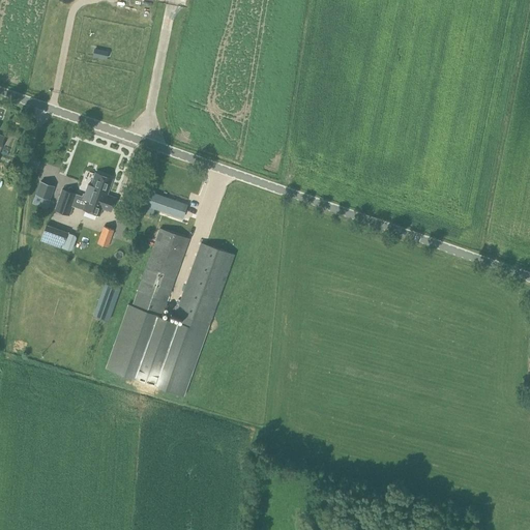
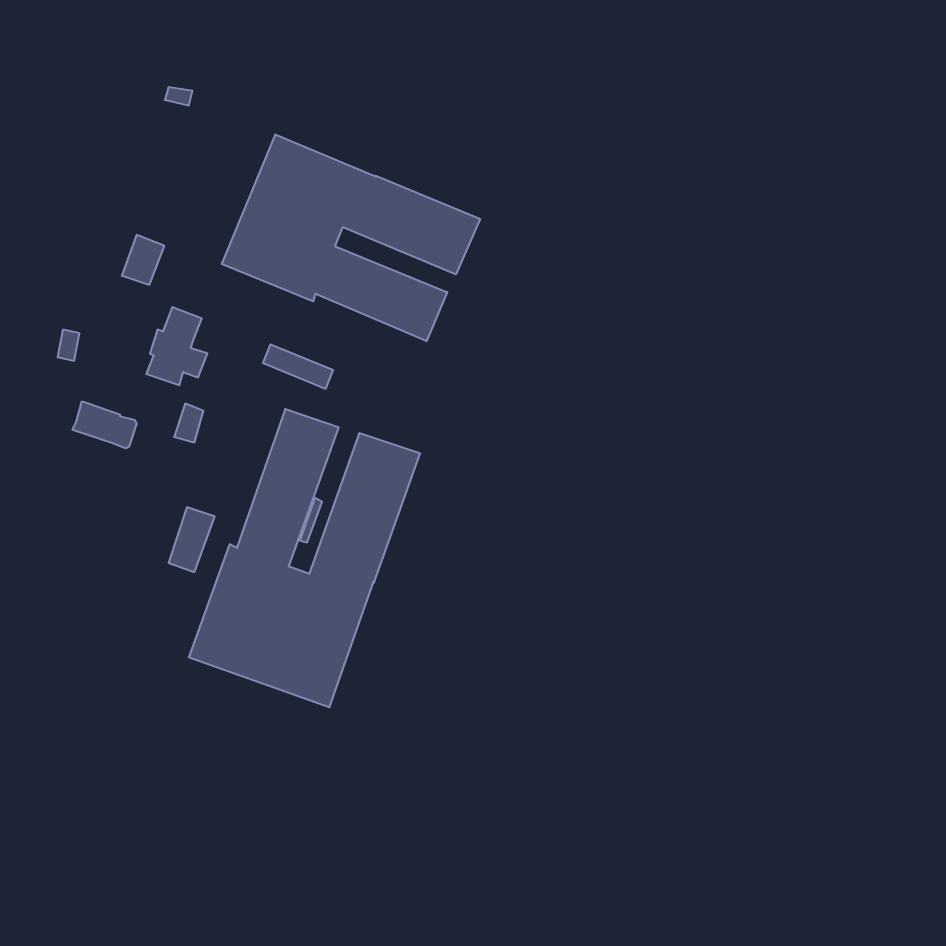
building: none -> [222,134,480,341]
building: [54,187,78,215] -> [122,235,164,285]

